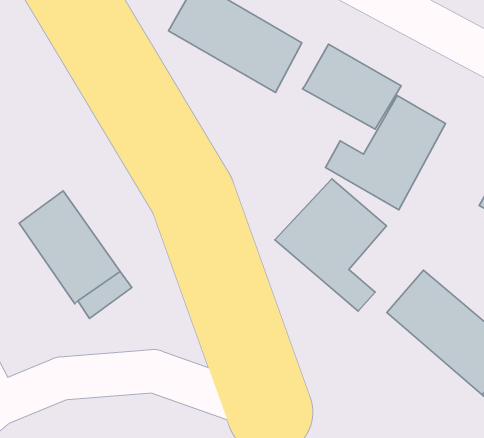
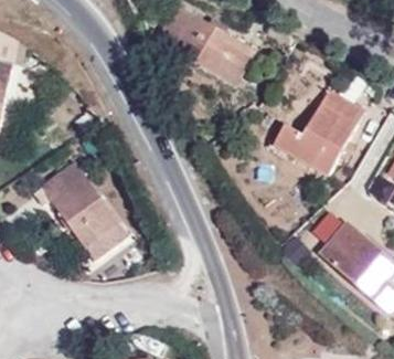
building: [303,44,401,129] -> none
building: [275,179,386,311] -> none

